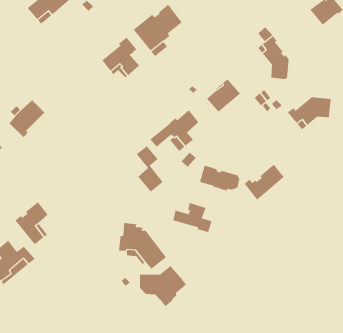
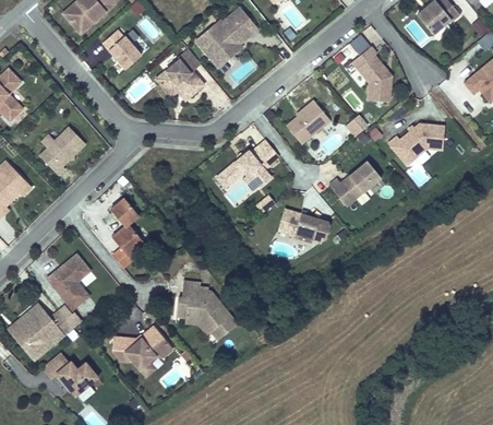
building: none -> [103,29,141,69]
building: [136,145,164,192] -> [110,198,145,257]
building: [244,164,285,200] -> [329,161,381,206]
building: [173,202,212,233] -> none
building: [139,265,187,307] -> [113,324,173,377]
building: none -> [41,352,98,397]

